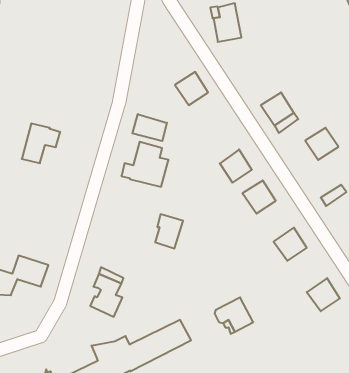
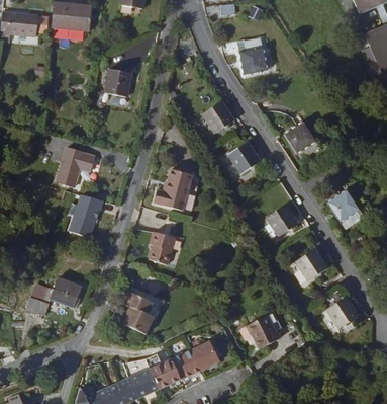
building: none -> [106,71,131,96]
building: [132,114,167,141] -> none
building: [305,128,338,160] -> [328,190,360,221]
building: [220,149,252,183] -> [229,142,260,173]
building: none -> [67,198,100,242]
building: [155,214,183,249] -> [149,232,175,264]

